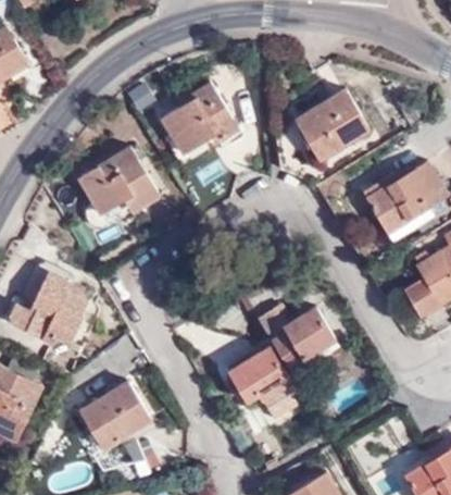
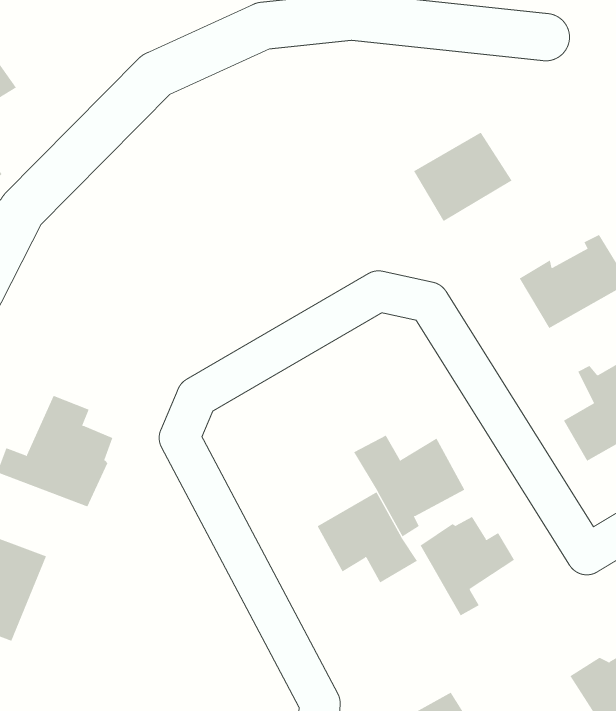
building: [167,82,237,150] -> none
building: [83,151,161,216] -> none
building: none -> [420,516,515,616]
building: [73,385,148,455] -> none

